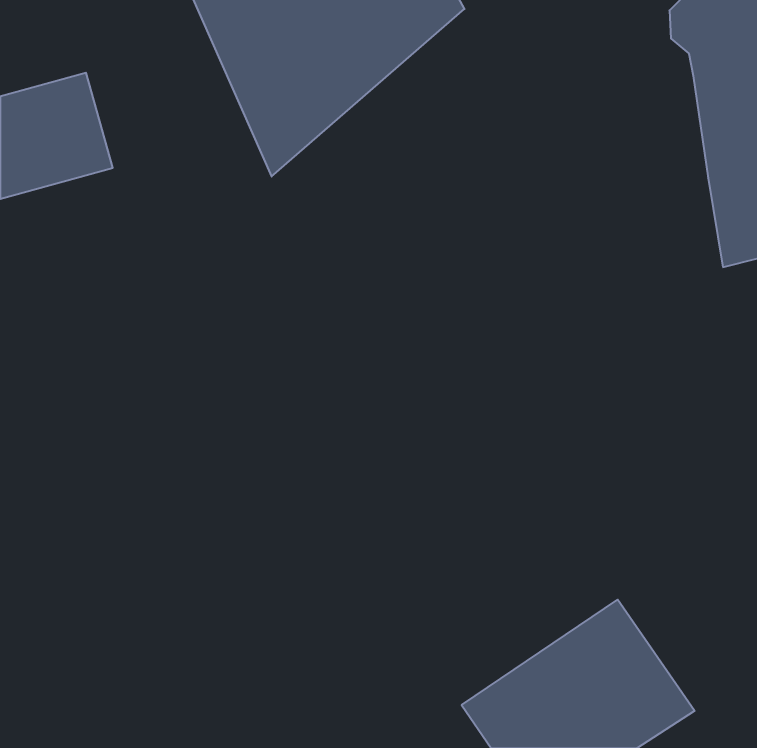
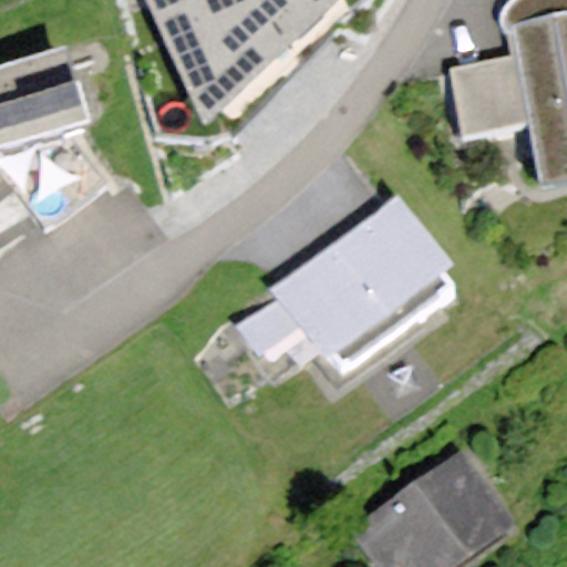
building: none -> [450,56,529,144]
building: none -> [235,196,456,367]

